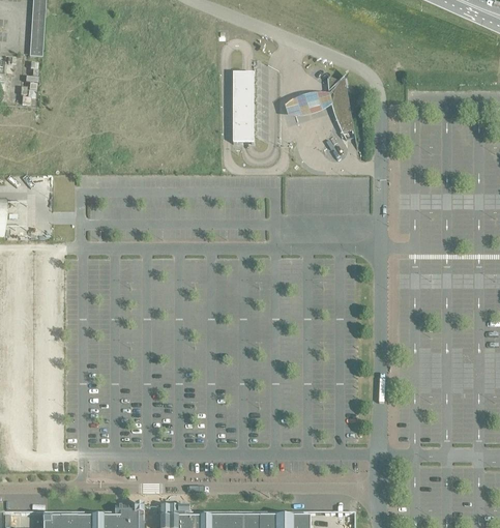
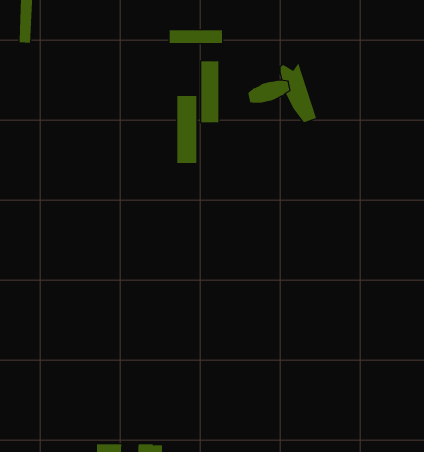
building: none -> [169,30,222,44]
building: none -> [177,95,197,164]

